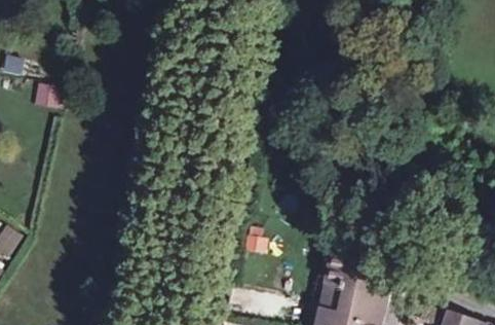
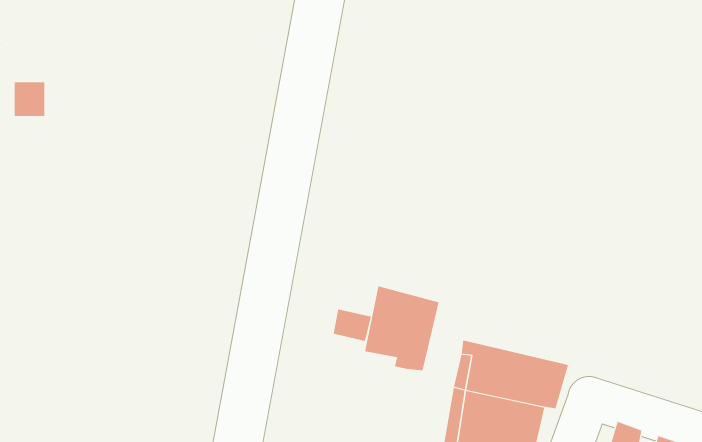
building: none -> [365,286,439,371]

